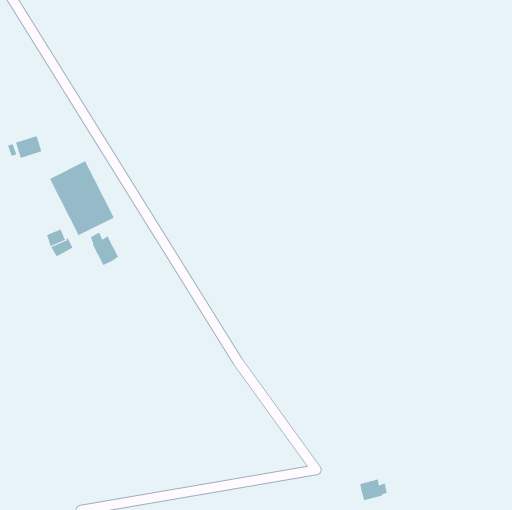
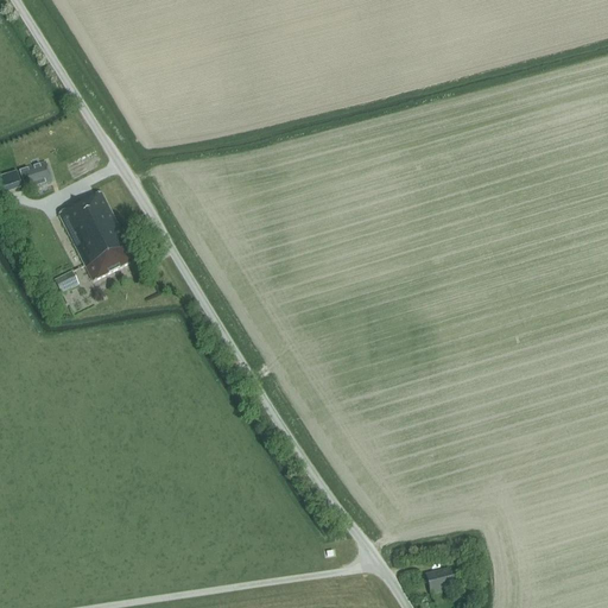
building: [90,231,119,266] -> none

